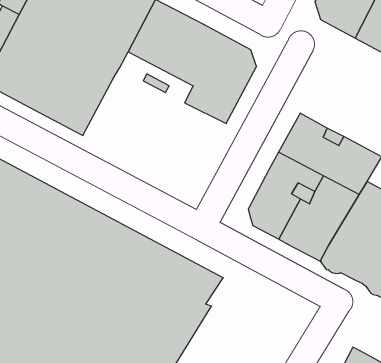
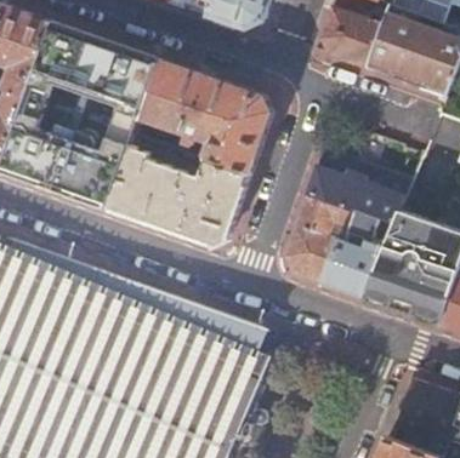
building: none -> [106,147,248,245]

